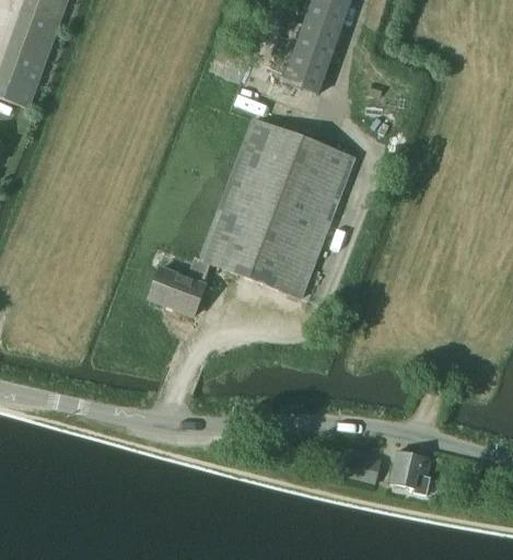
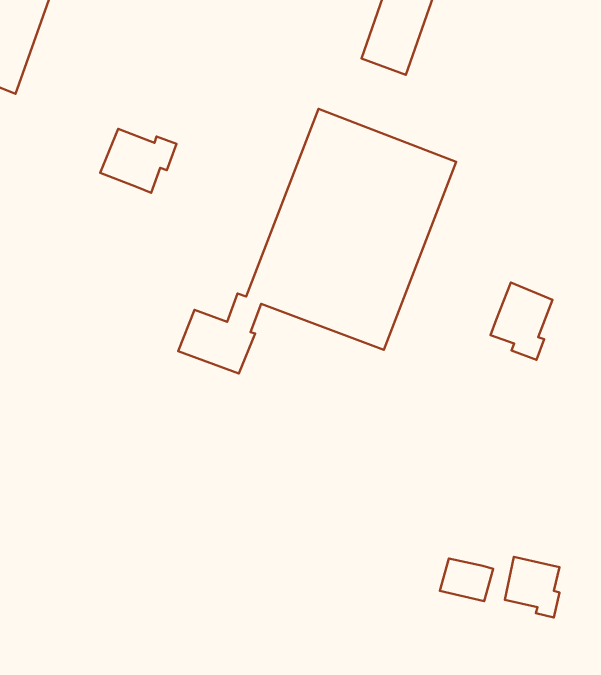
building: none -> [100,129,177,193]
building: none -> [490,282,553,360]

